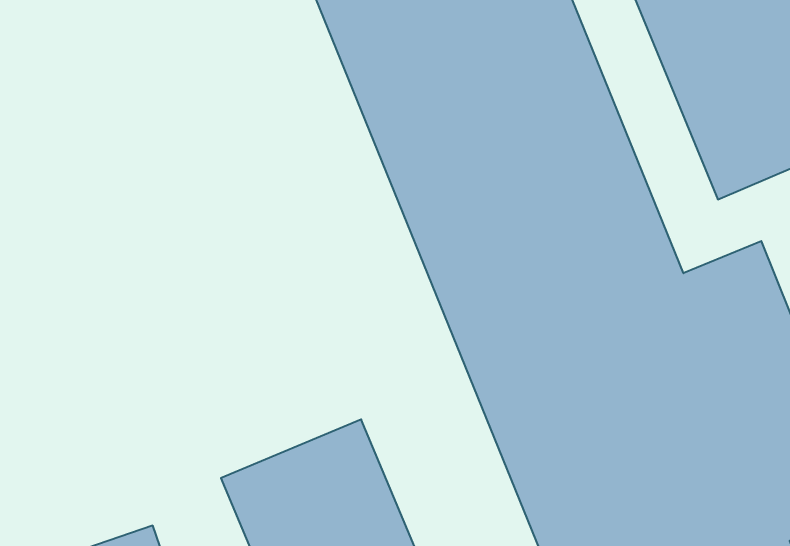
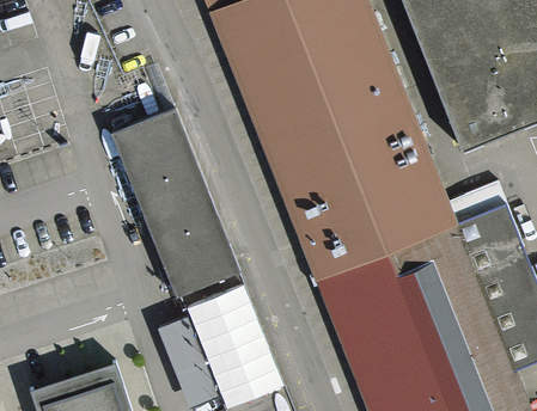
building: none -> [114,109,242,296]

